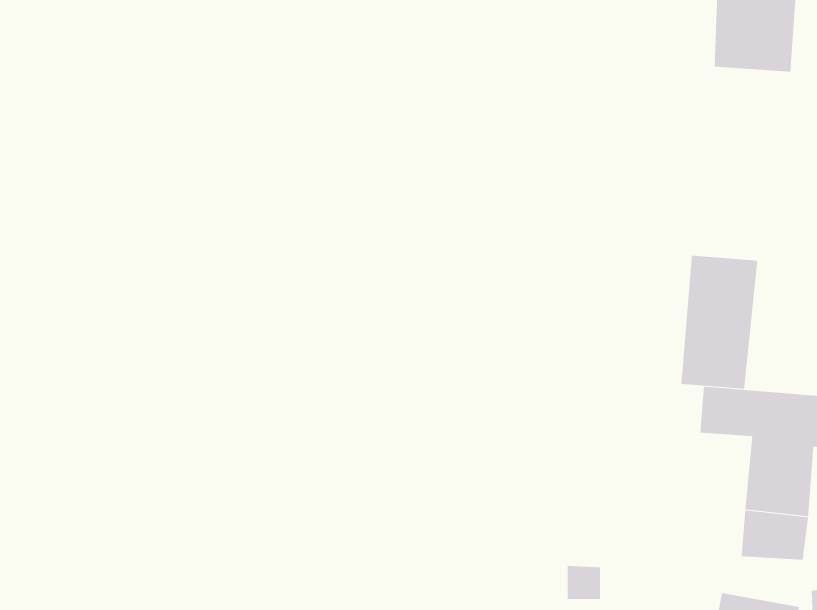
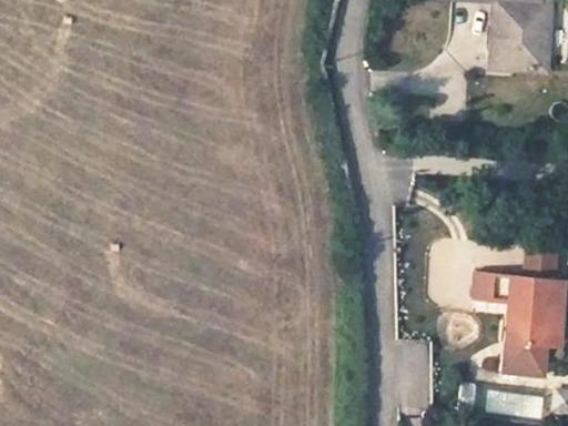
building: [681,255,758,389] -> none

